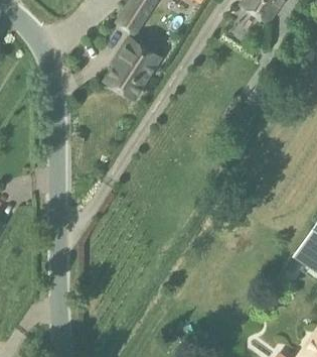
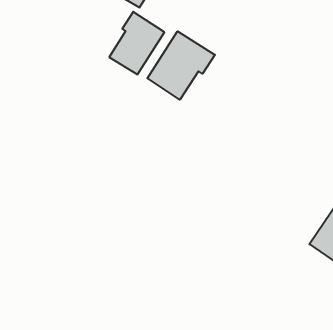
building: none -> [147,31,215,100]

